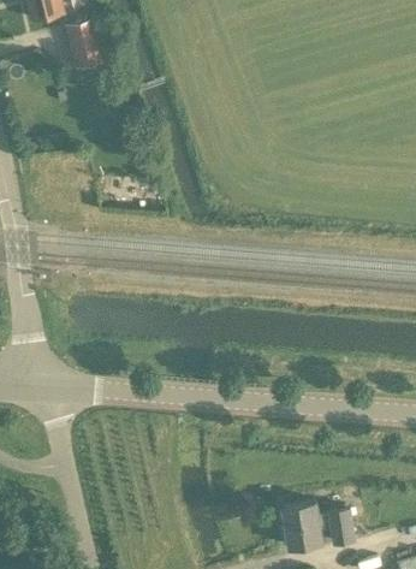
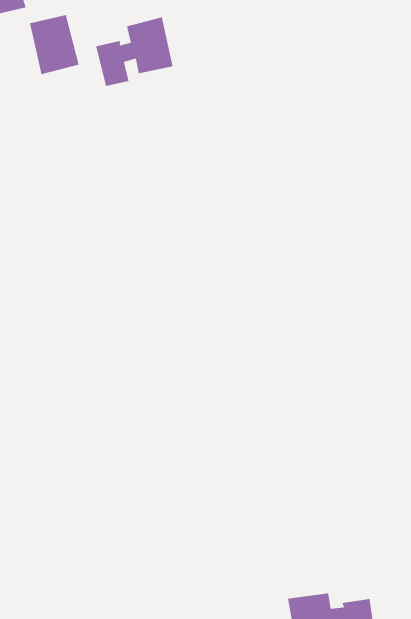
building: none -> [95,17,173,87]

